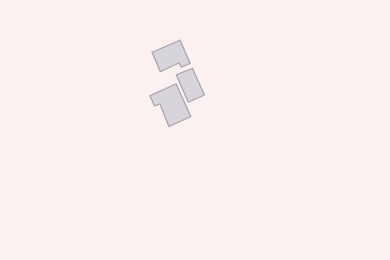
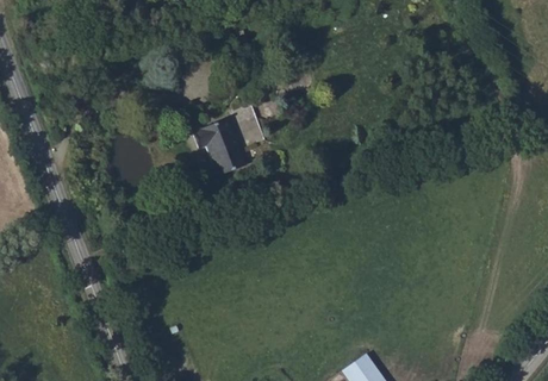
building: [152,40,190,72] -> none

